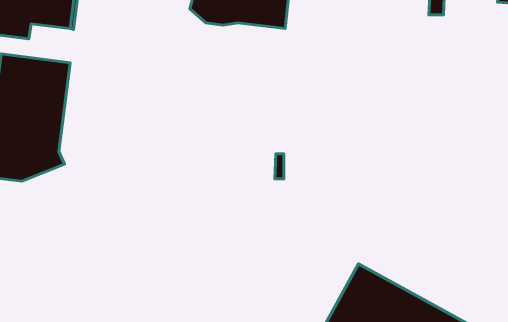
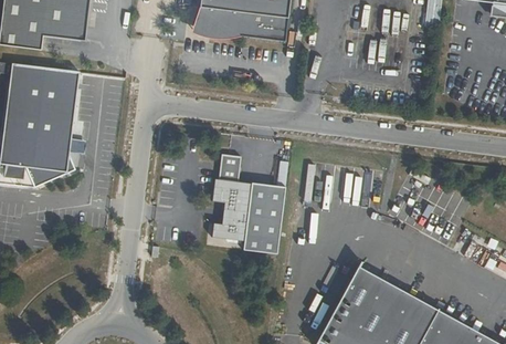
building: none -> [210,153,283,251]

